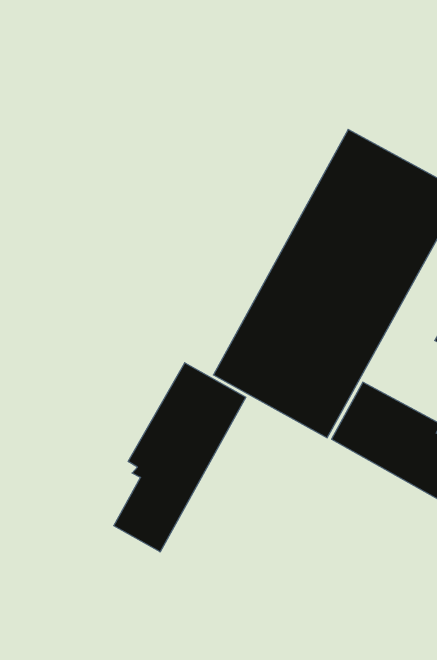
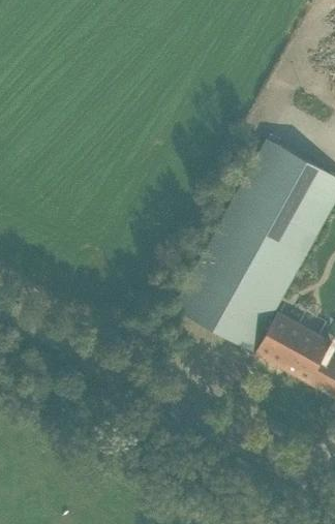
building: [114,363,246,552] -> none

